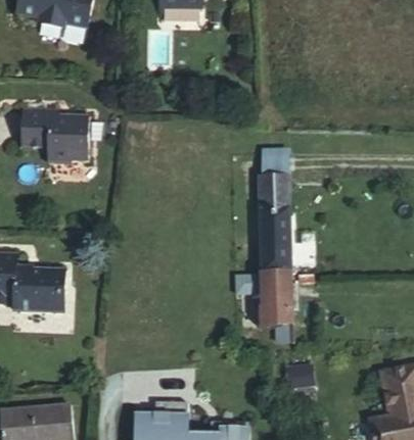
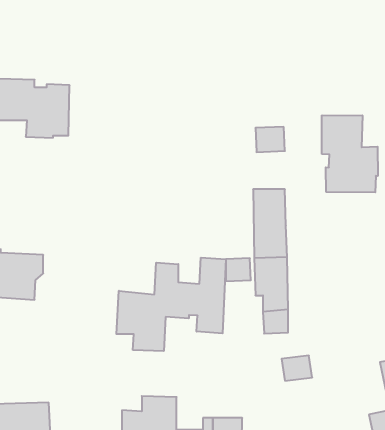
building: none -> [322,115,378,192]
building: [260,174,289,209] -> none
building: none -> [116,258,226,351]

